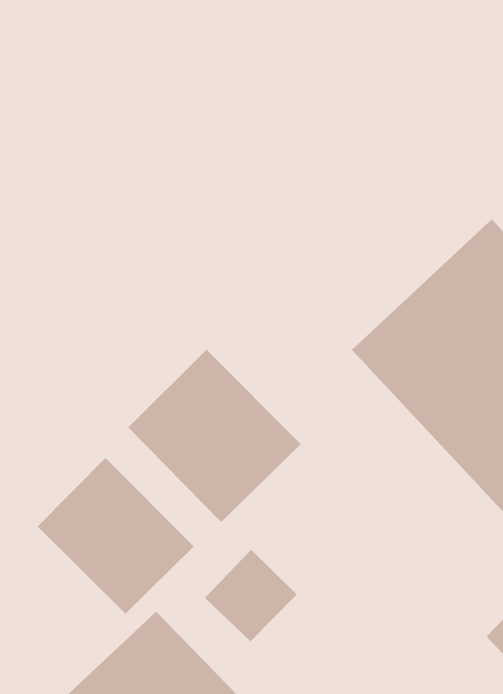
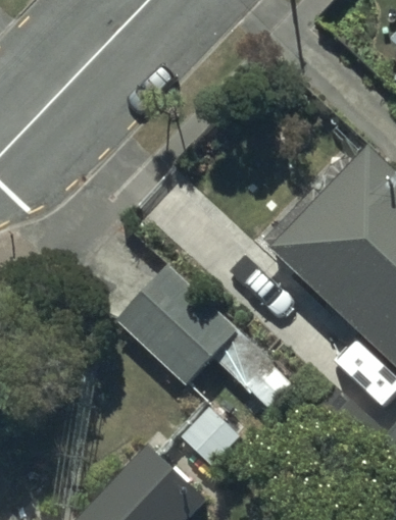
building: [37,457,194,615] -> none

